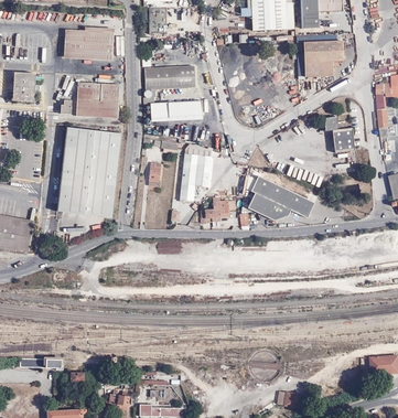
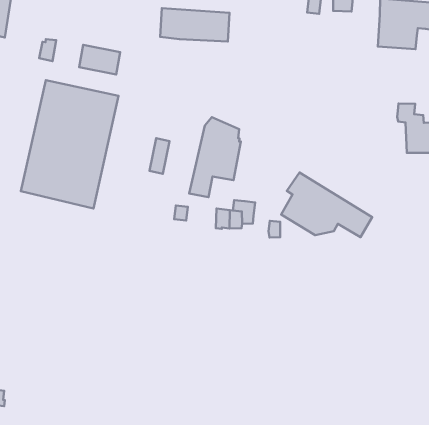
building: [75,84,119,117] -> none
building: [143,89,204,126] -> none

